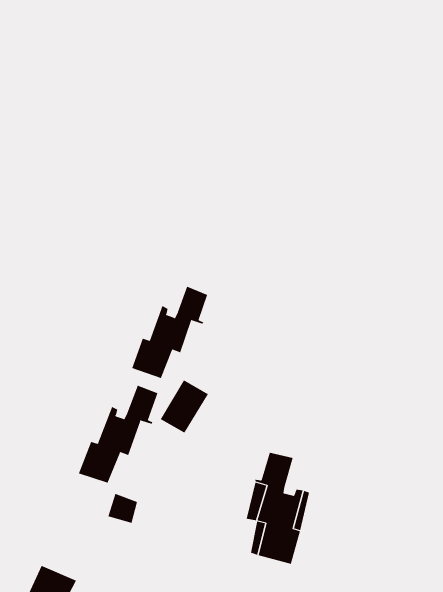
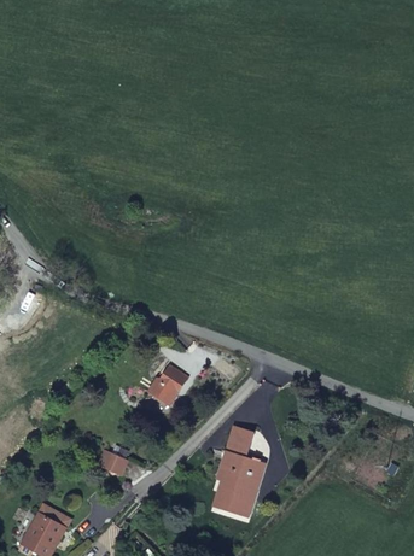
building: [131,286,208,379] -> none
building: [78,385,158,484] -> none

